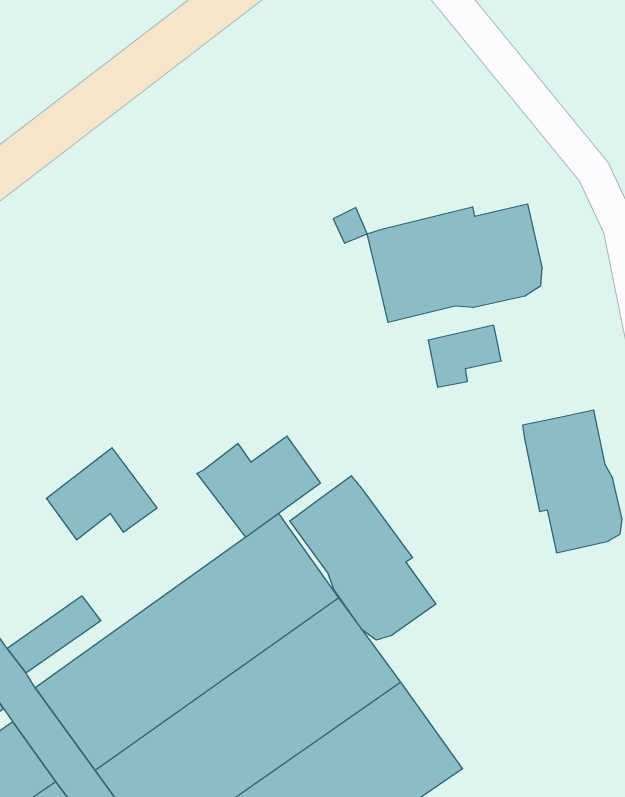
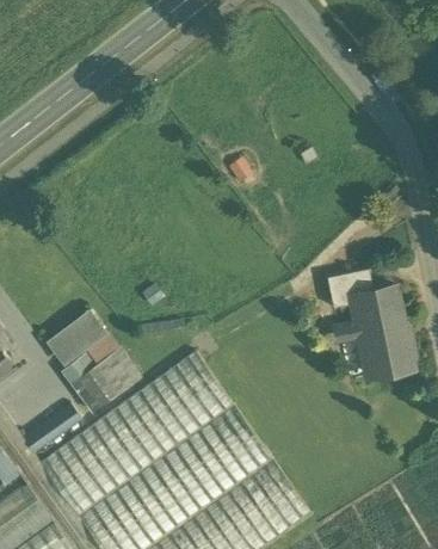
building: [367,204,542,322] -> none
building: [428,325,501,387] -> [326,270,372,309]
building: [197,436,321,537] -> [61,348,140,413]
building: [290,476,436,640] -> none

